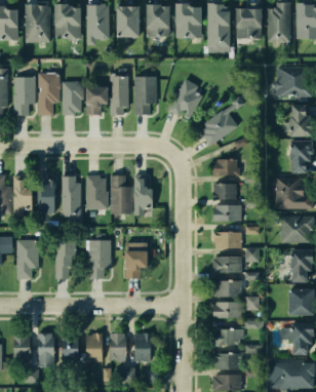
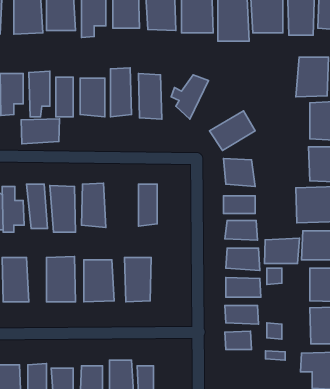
building: none -> [21,119,60,144]
building: [110,175,132,213] -> none
building: none -> [264,238,299,264]
building: [211,328,242,349] -> none

